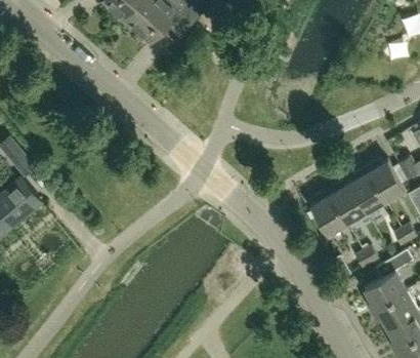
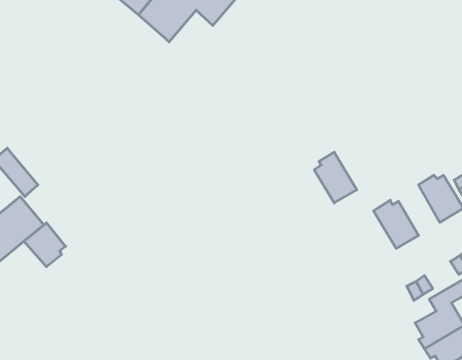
building: [348,168,384,212] -> none
building: [309,191,346,235] -> [314,152,357,203]
building: none -> [24,223,66,267]

